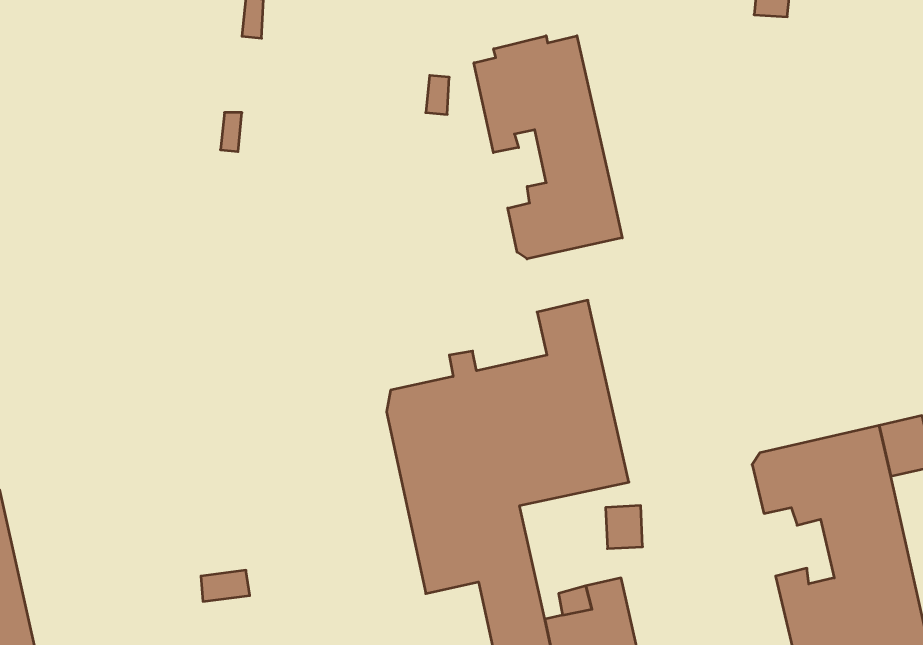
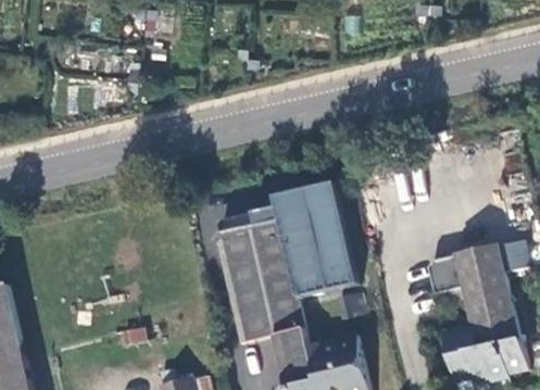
building: [474,36,622,259] -> none

